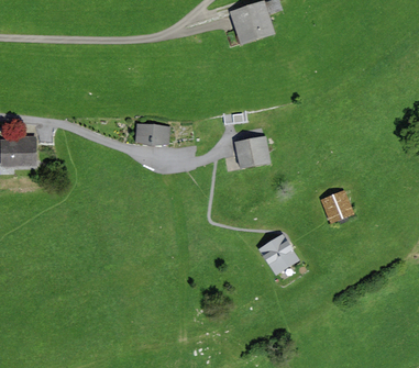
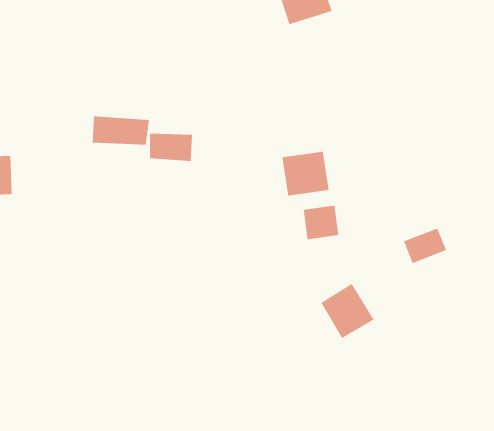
building: none -> [92,116,149,146]
building: none -> [303,205,339,240]

